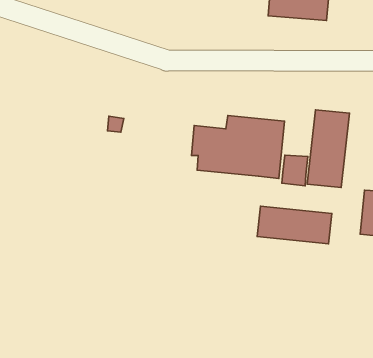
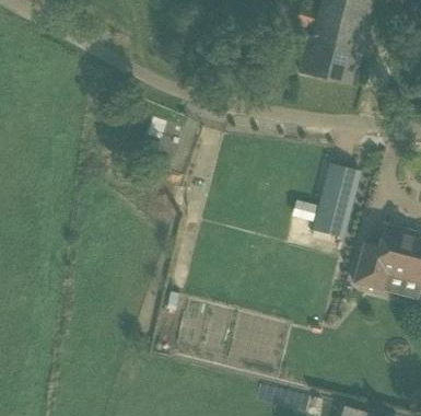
building: [191,115,284,178] -> none
building: [257,206,332,244] -> none

